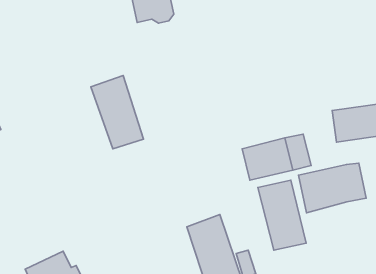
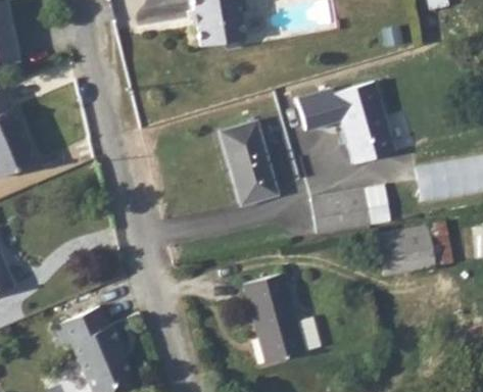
building: none -> [296,84,395,165]
building: [91,76,143,149] -> [221,121,278,205]
building: [258,180,306,250] -> none

